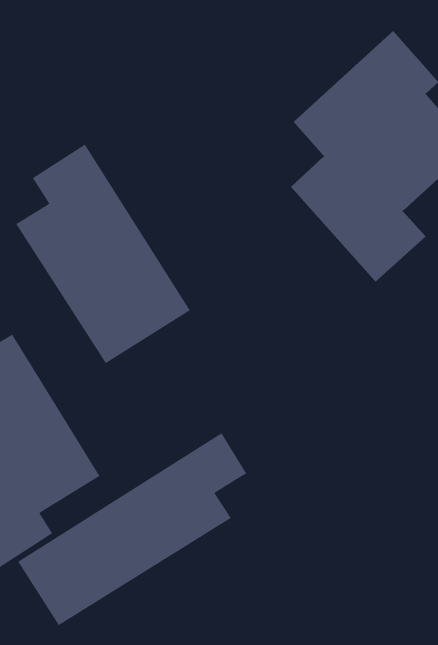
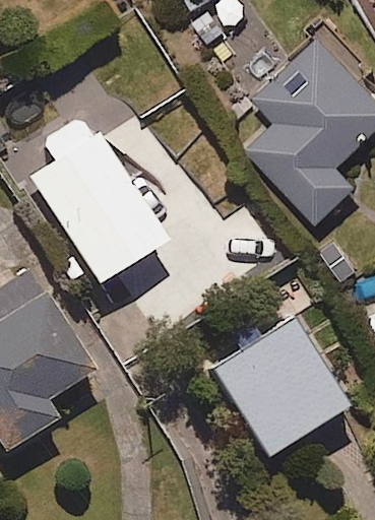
building: none -> [208,302,342,439]
building: [17,432,247,626] -> none

